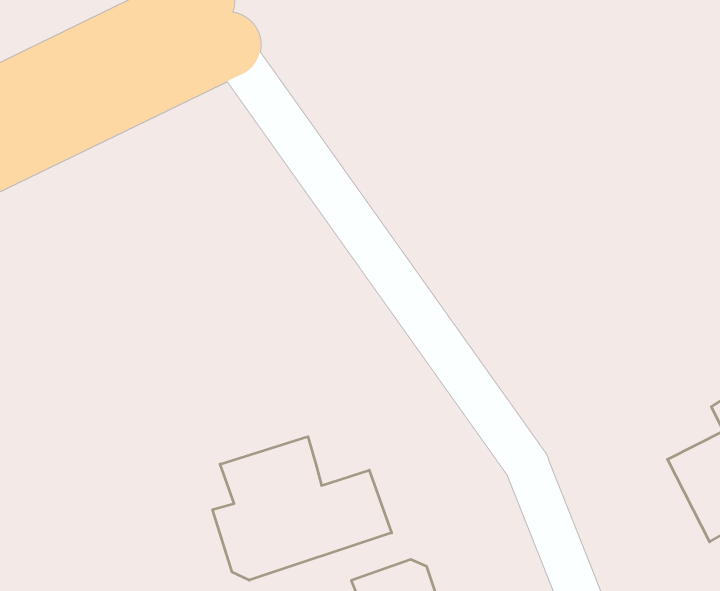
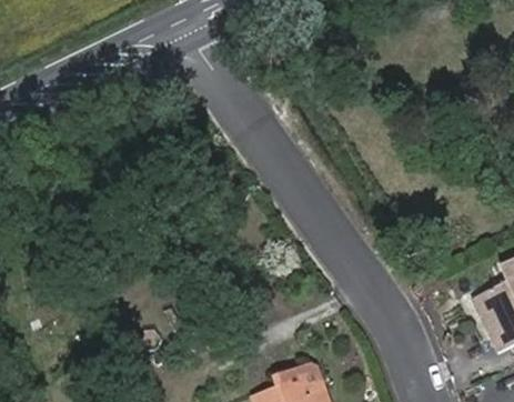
building: [213,437,392,580] -> none

